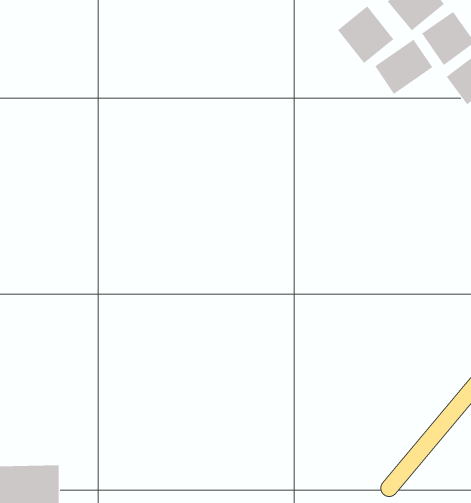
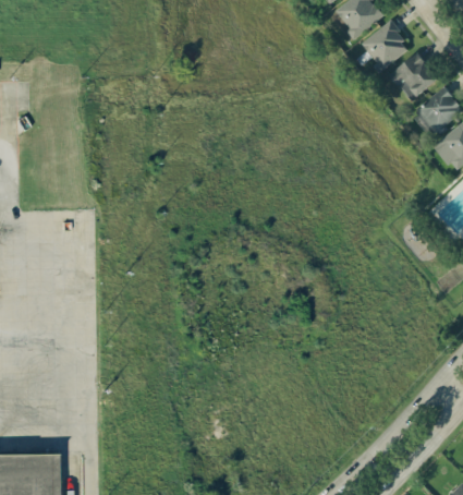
building: [337,5,394,64] -> none
building: [374,39,433,95] -> none

